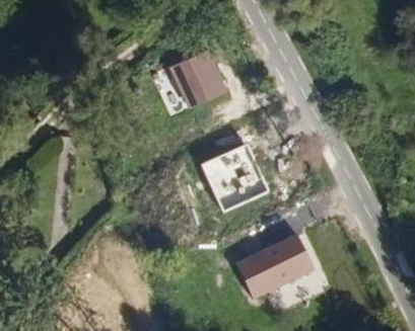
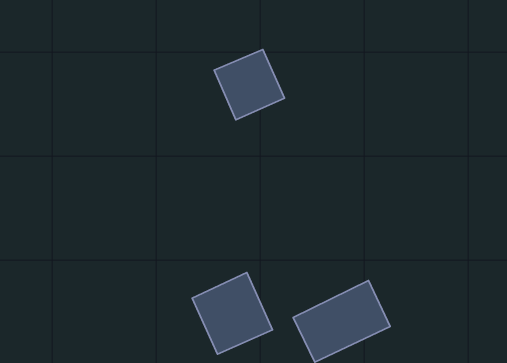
building: [203,147,267,212] -> [192,272,272,354]

